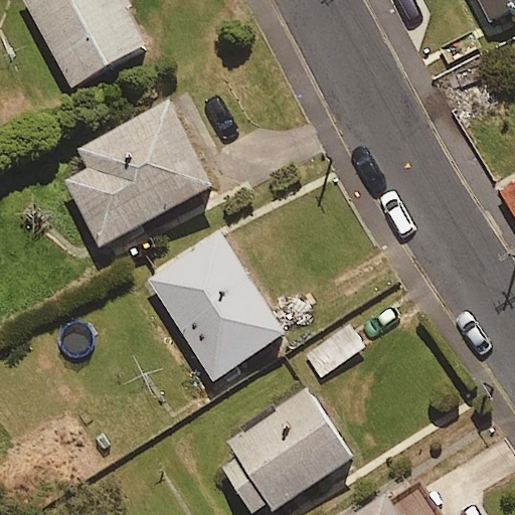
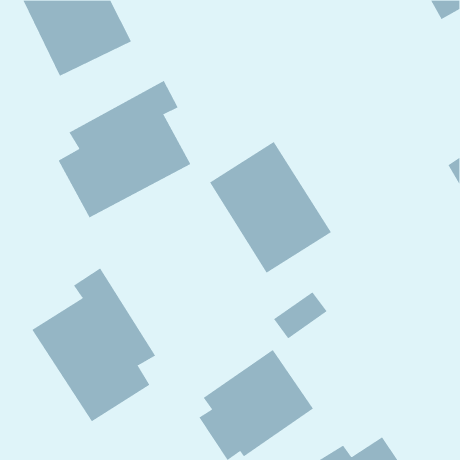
building: [147,231,284,379] -> [209,141,332,274]
building: none -> [32,268,156,422]

